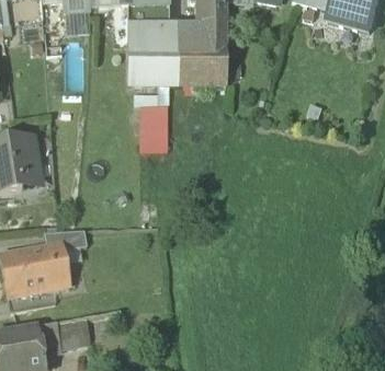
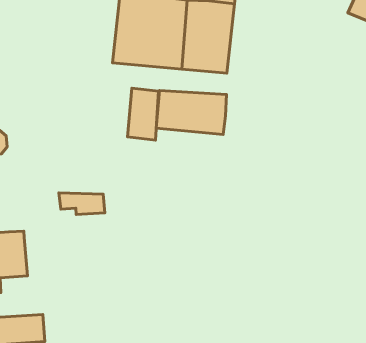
building: none -> [156,90,227,134]
building: [44,228,87,248] -> [59,193,105,215]

